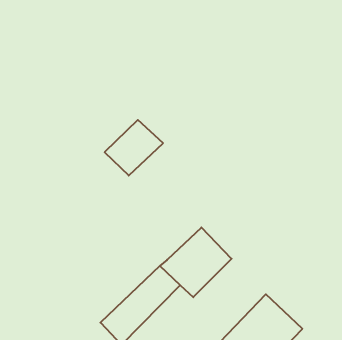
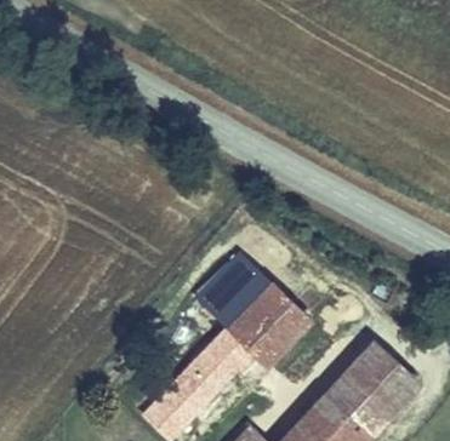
building: [105,120,163,176] -> [206,257,277,323]
building: none -> [354,340,422,406]

